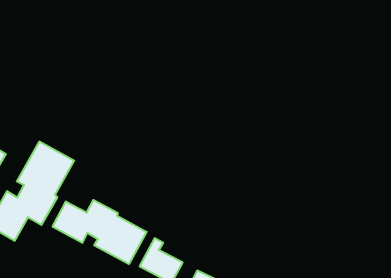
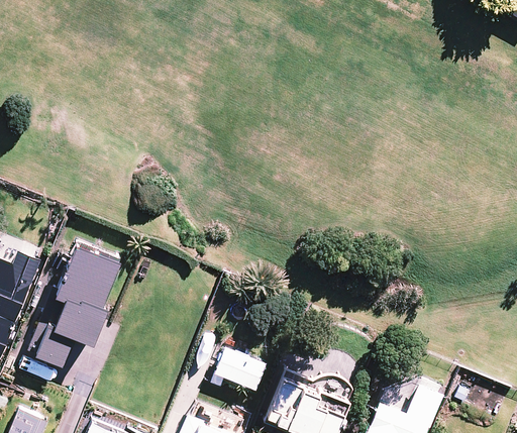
building: [53,200,147,264] -> none

